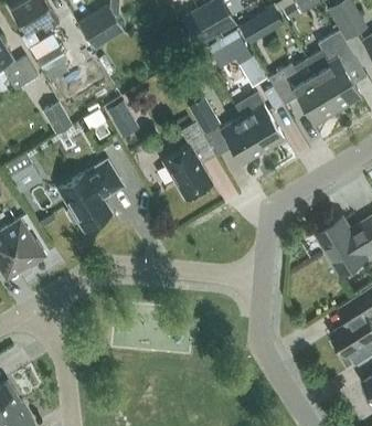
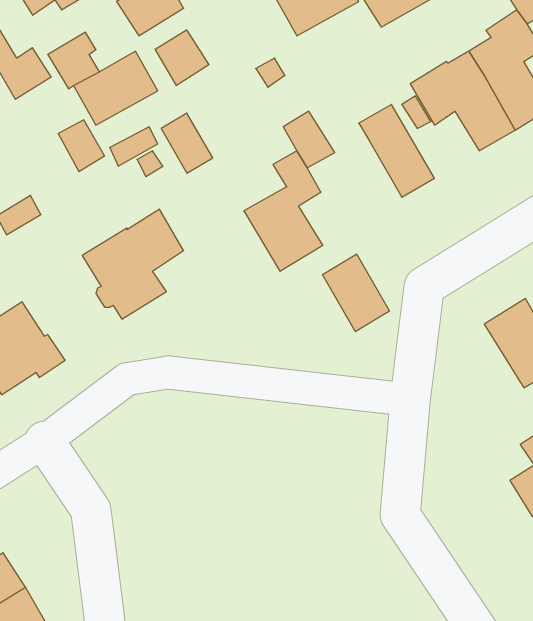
building: [209,31,252,68] -> none
building: none -> [155,30,209,86]
building: [221,116,264,166] -> [322,254,389,331]

